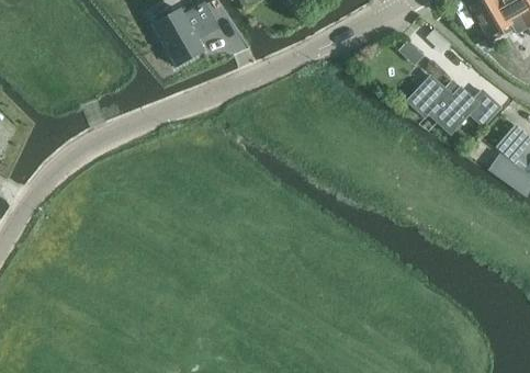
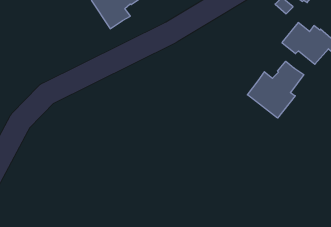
building: none -> [247,61,304,118]

